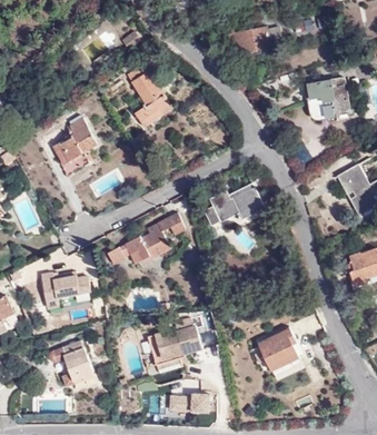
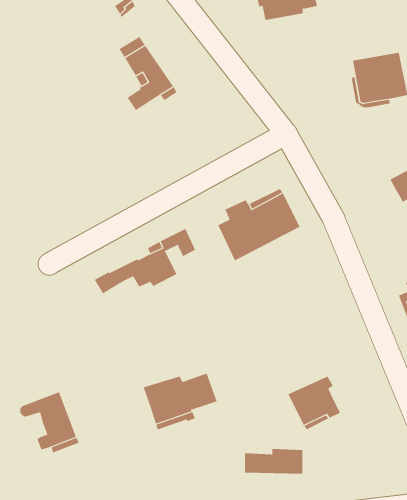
building: [52,117,97,177] -> none
building: [40,274,89,308] -> none
building: [170,392,216,412] -> [244,449,303,474]

